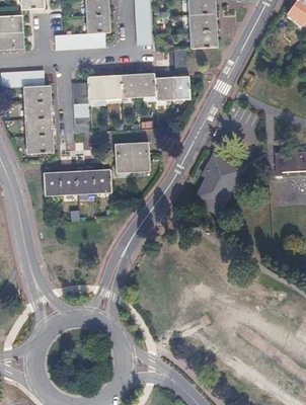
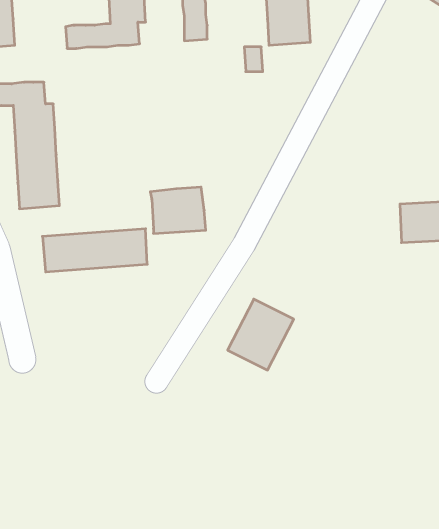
building: [73,72,189,133] -> none
building: [196,155,239,201] -> [228,299,294,370]

